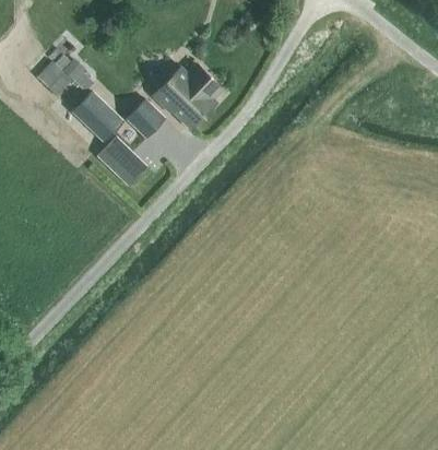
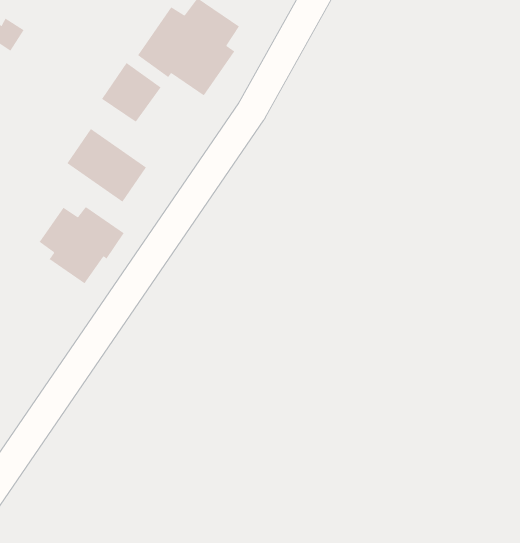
building: [70,88,123,142] -> none
building: none -> [39,206,124,284]

